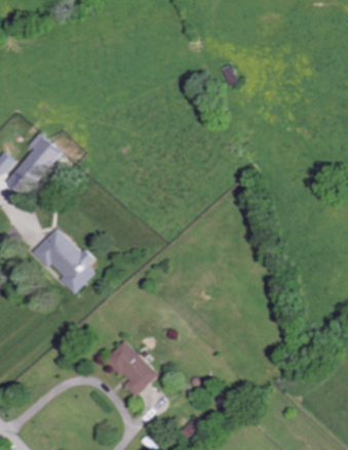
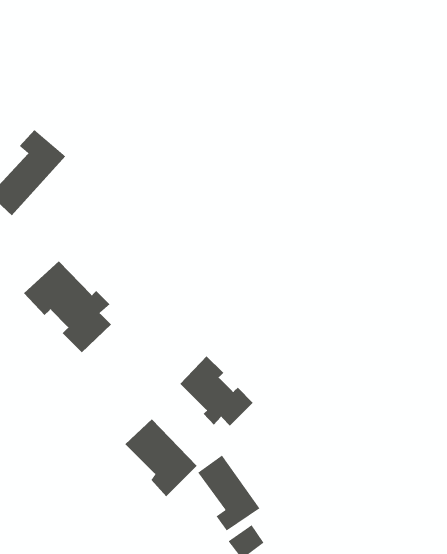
building: none -> [179,356,253,427]
building: none -> [197,454,260,532]

